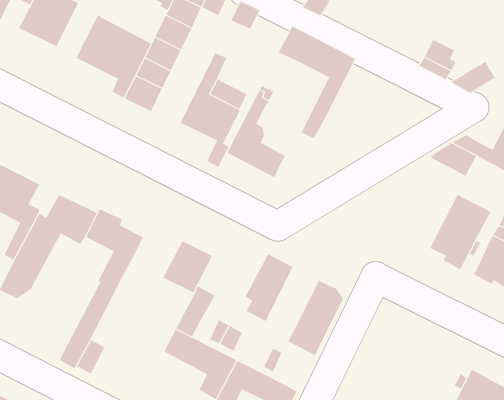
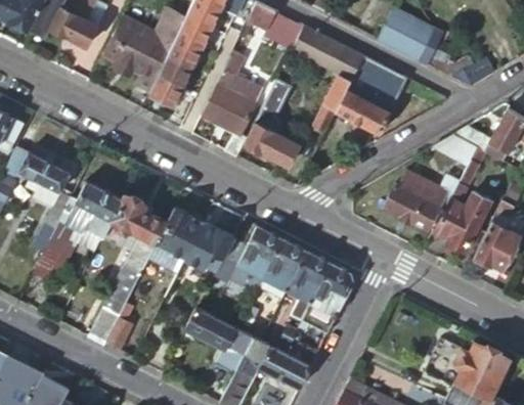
building: none -> [263,11,305,50]
building: none -> [382,11,434,60]
building: none -> [337,56,408,132]
building: none -> [384,171,457,231]
building: none -> [148,210,203,273]
building: none -> [237,225,282,277]
building: none -> [286,250,330,303]

